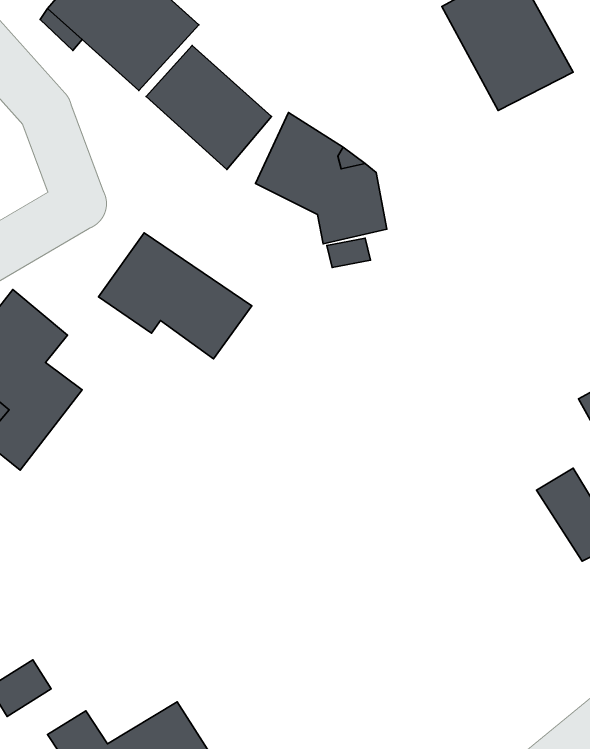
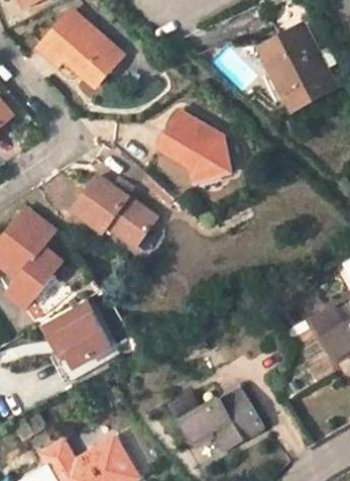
building: [146,46,272,169] -> none
building: none -> [37,300,114,379]
building: none -> [173,384,266,449]

